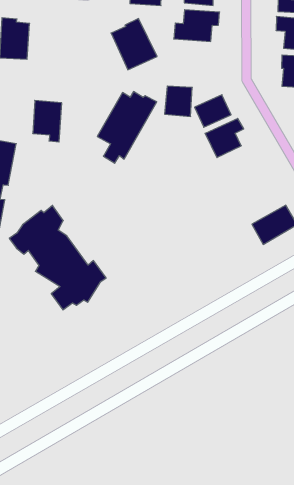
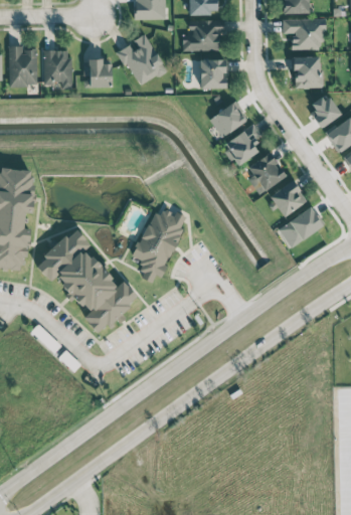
building: none -> [83,60,111,88]
building: [165,86,192,116] -> [200,59,226,89]
building: [97,92,157,163] -> [132,209,188,283]
building: [33,100,62,142] -> [43,50,71,90]
building: none -> [247,153,286,192]
building: none -> [270,181,307,216]

